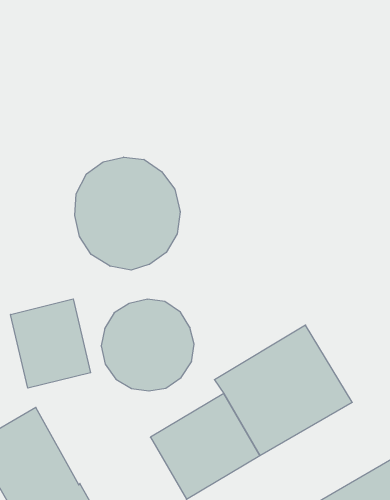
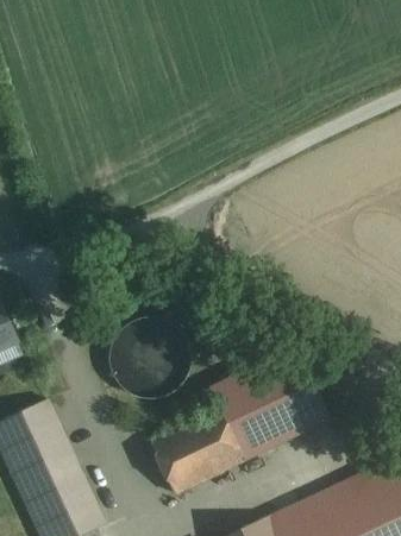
building: [75,157,180,270] -> none
building: [11,299,91,388] -> none

